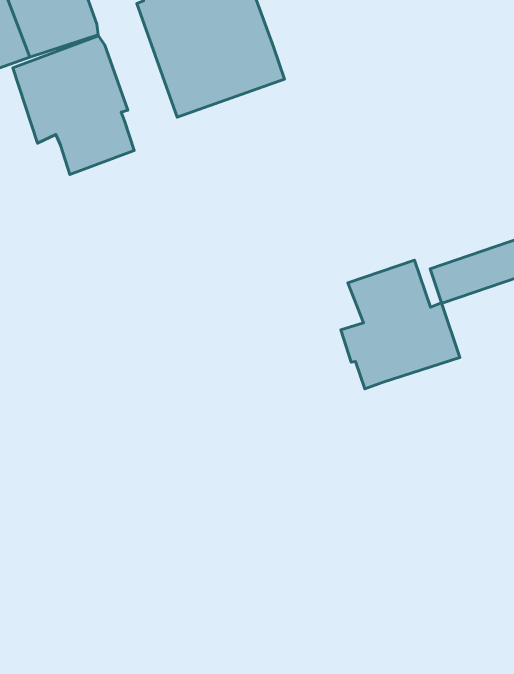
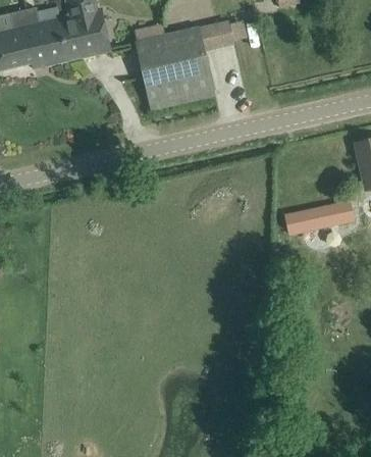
building: [13,36,134,174] -> none
building: [341,260,460,389] -> none

